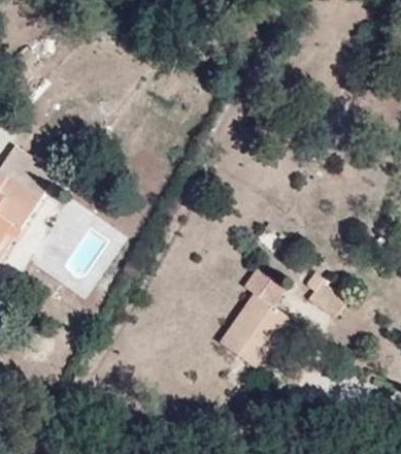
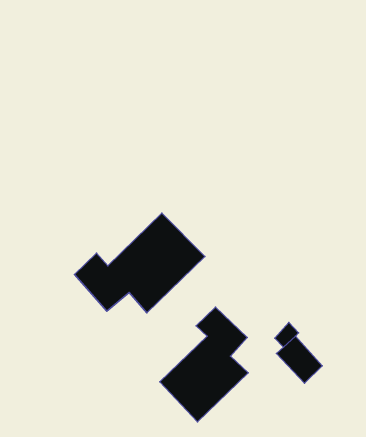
building: none -> [75,213,205,313]

